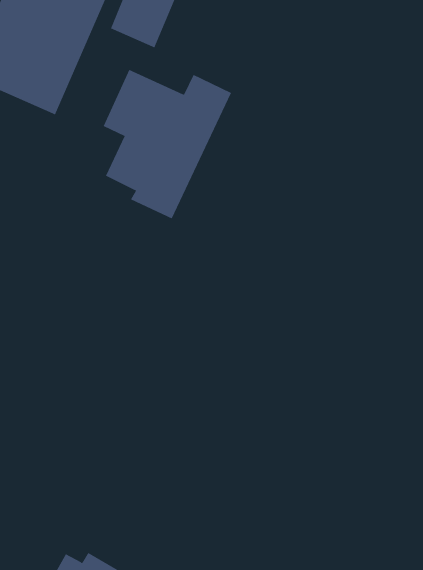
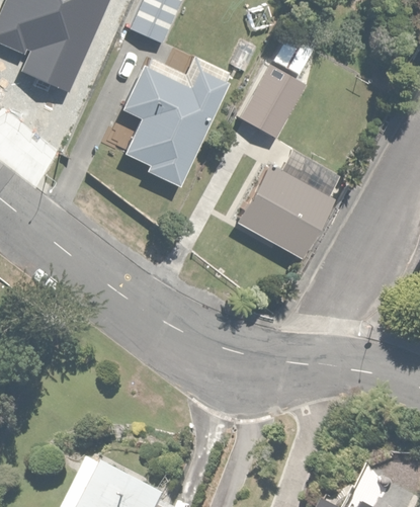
building: none -> [237,33,314,136]
building: none -> [235,163,337,260]

